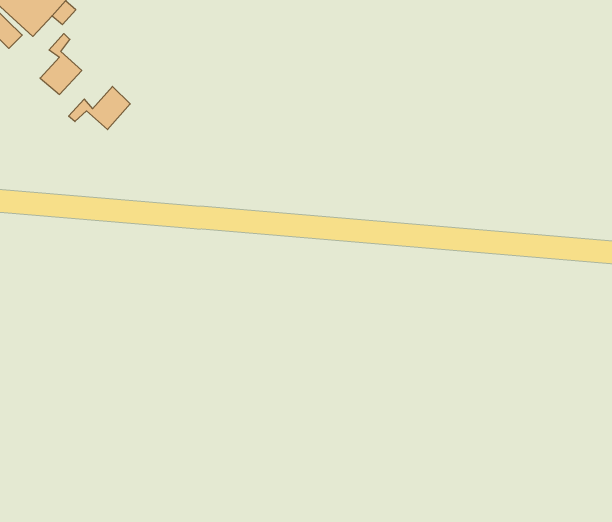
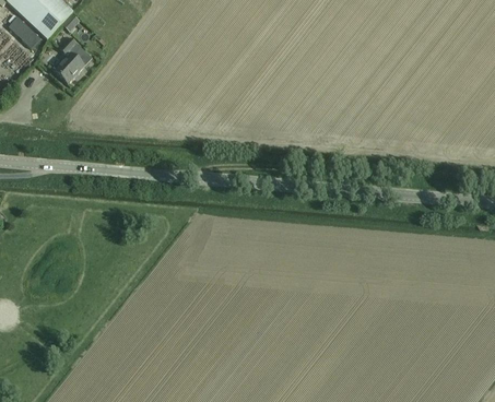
building: [69,86,130,130] -> none

